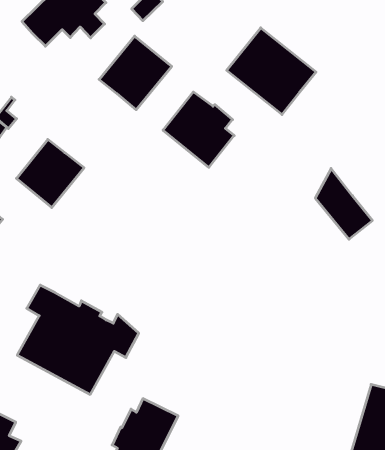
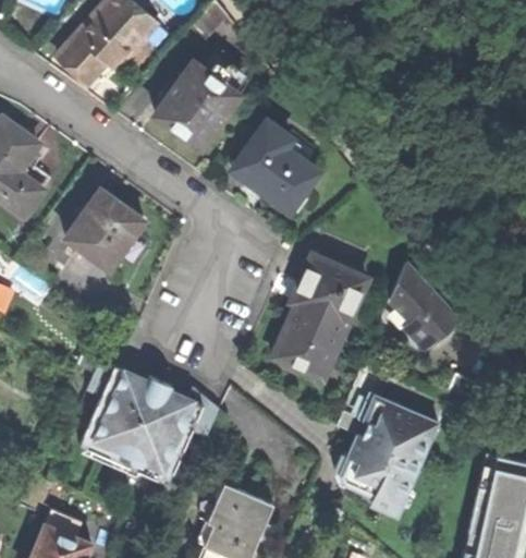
building: [227,28,316,115] -> none
building: [315,168,372,239] -> [389,264,457,345]
building: none -> [272,255,367,378]
building: none -> [335,366,444,515]

